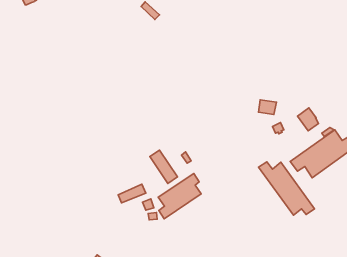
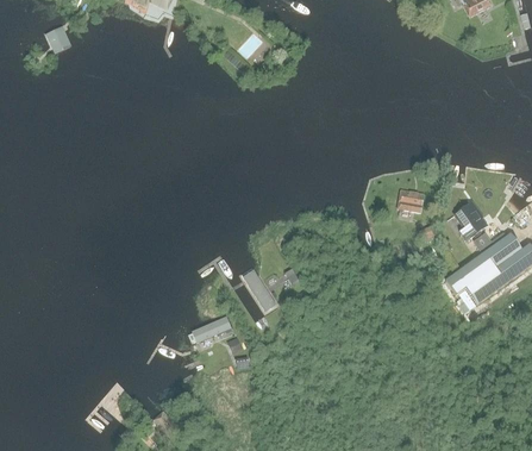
building: [259,162,314,215] -> none
building: [158,173,201,219] -> none

